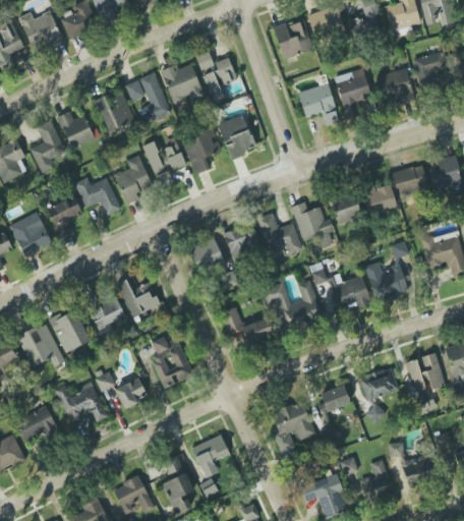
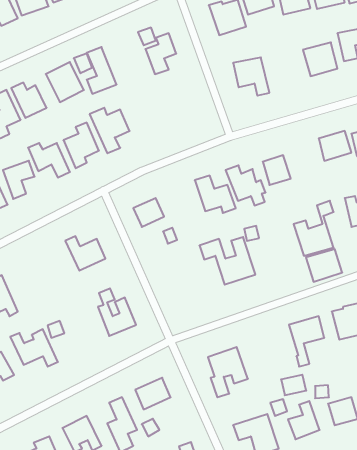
building: [160,63,204,106] -> none
building: [333,67,373,113] -> none
building: [217,114,255,158] -> none
building: [181,126,221,174] -> none
building: [359,178,396,214] -> none
building: [223,223,259,263] -> none
building: [331,276,370,311] -> [306,249,342,282]
building: [84,293,124,328] -> none
building: [48,306,91,353] -> none
building: [221,306,272,343] -> none
building: [114,377,148,408] -> none
building: [321,386,348,408] -> [281,375,306,395]

